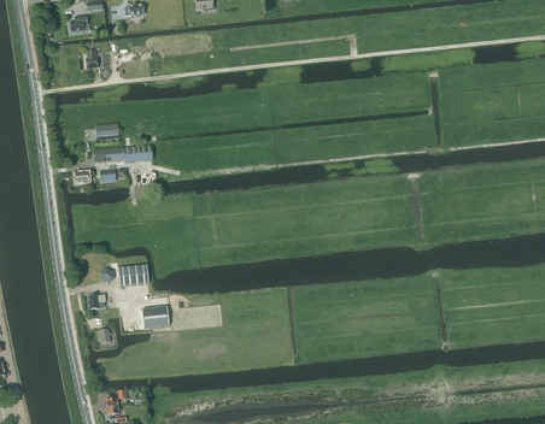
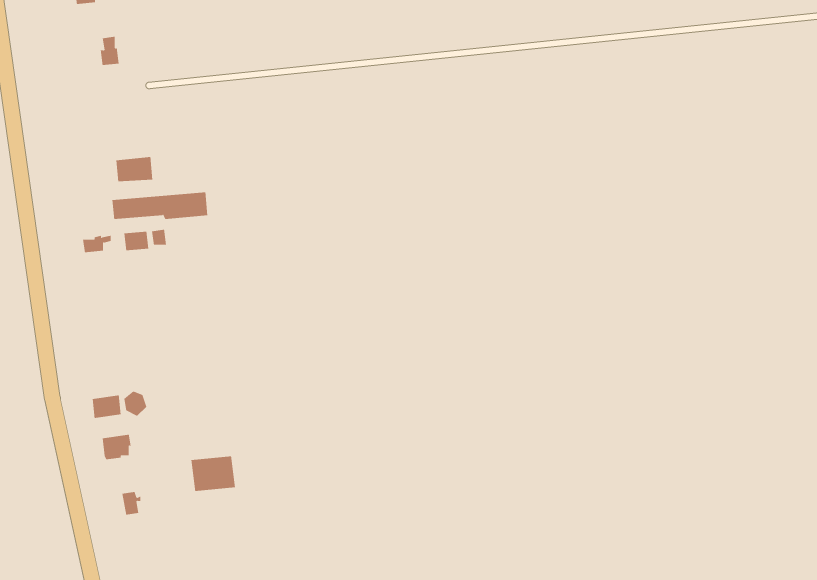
building: [117,264,147,285] -> none

